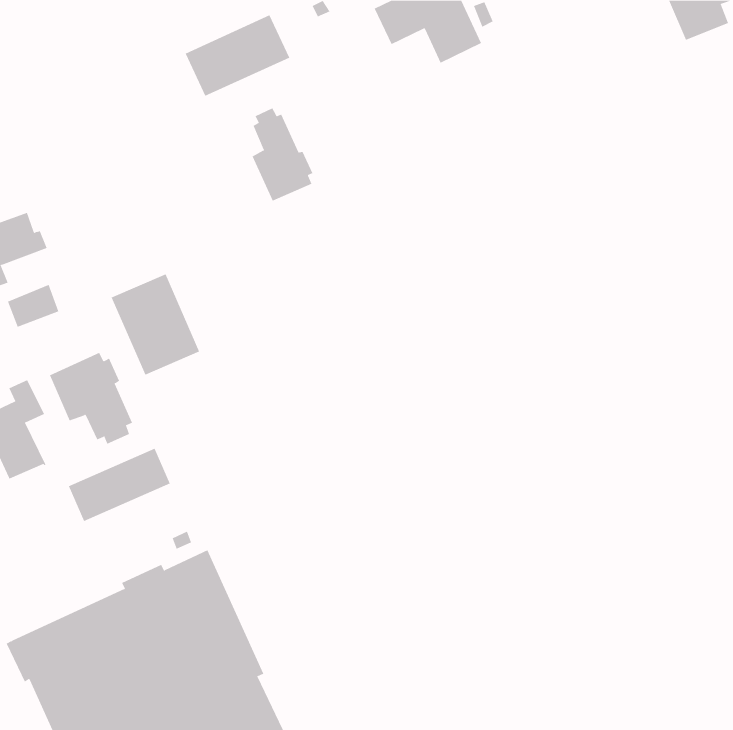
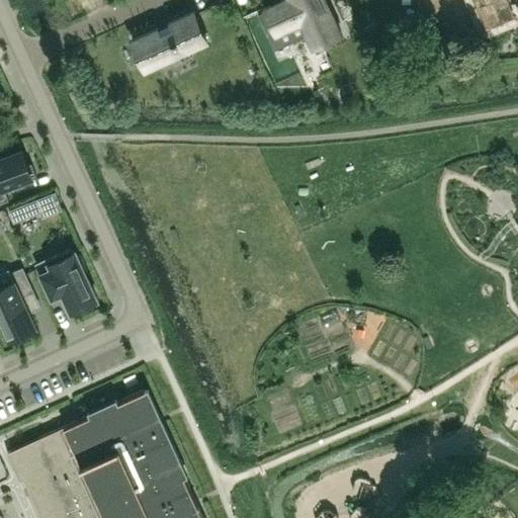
building: [252,108,313,201] -> none
building: [111,274,200,375] -> none
building: [68,448,170,522] -> none

